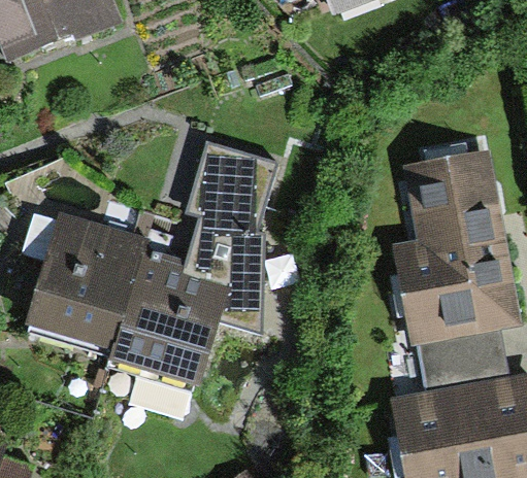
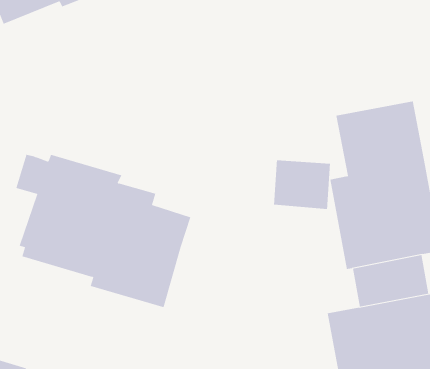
building: [184,142,274,334] -> none
building: none -> [273,159,331,210]

